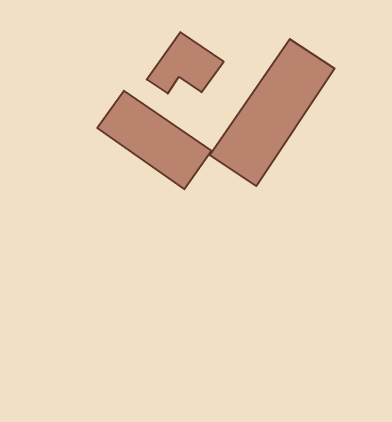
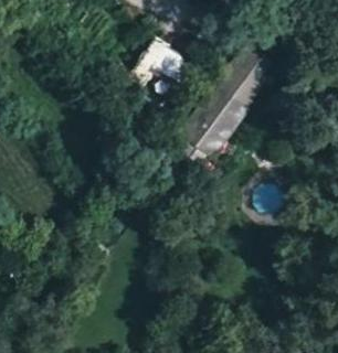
building: [97,91,212,189] -> none

